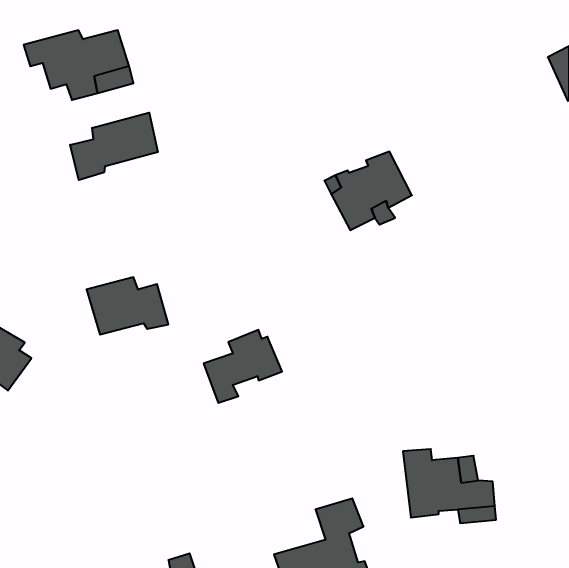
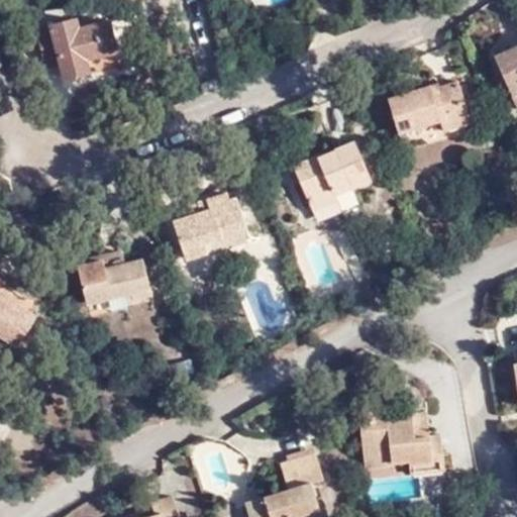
building: none -> [390,84,469,133]
building: [70,113,158,180] -> none
building: [204,330,282,403] -> [175,196,245,262]

